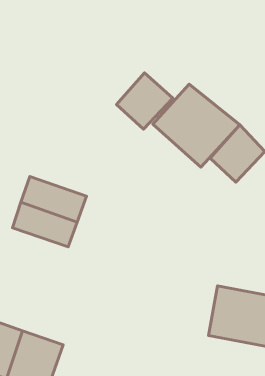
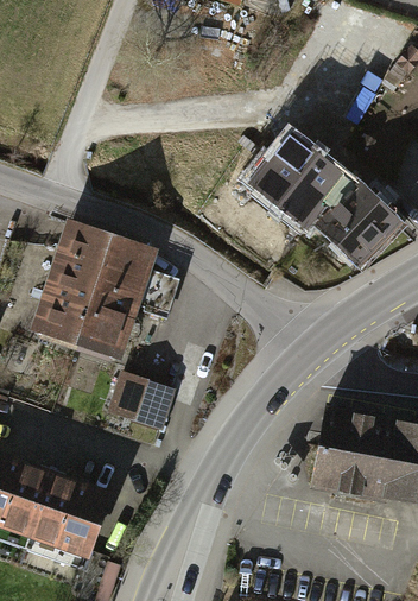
building: [117,73,173,129] -> none
building: none -> [61,219,154,284]
building: none -> [109,371,178,432]

